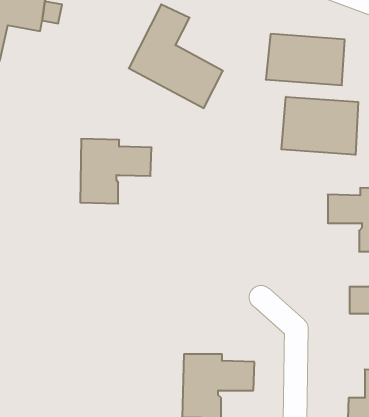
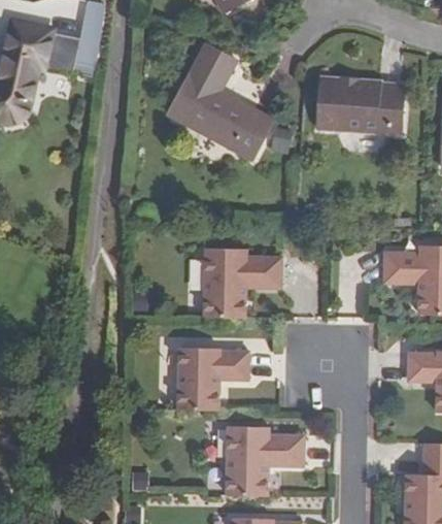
building: [281,97,358,155] -> none
building: [80,139,152,204] -> [204,248,281,318]
building: none -> [178,348,249,410]

